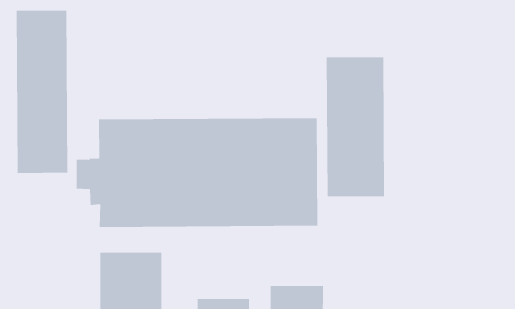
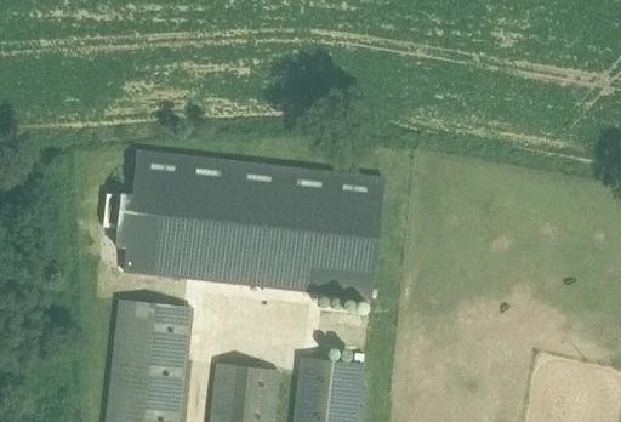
building: [16,10,68,174] -> none
building: [326,56,385,197] -> none

